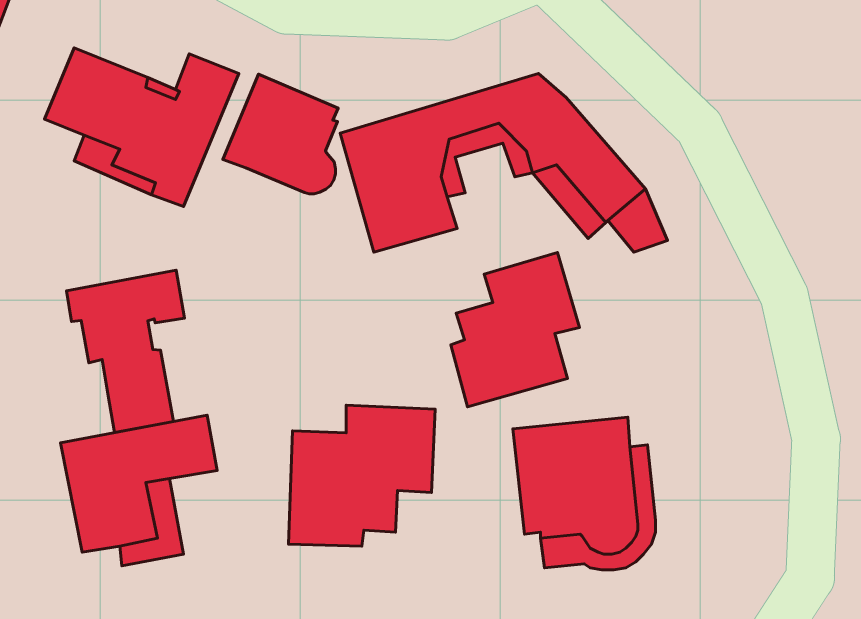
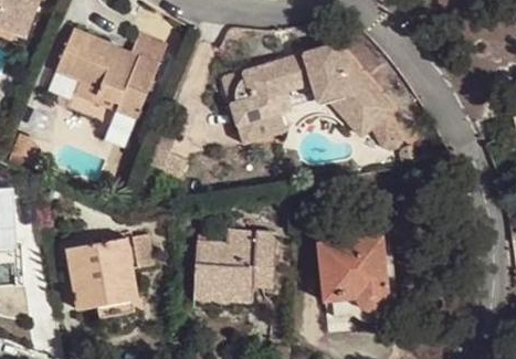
building: [223,74,338,194] -> none
building: [451,252,579,407] -> none
building: [67,270,185,433] -> none

